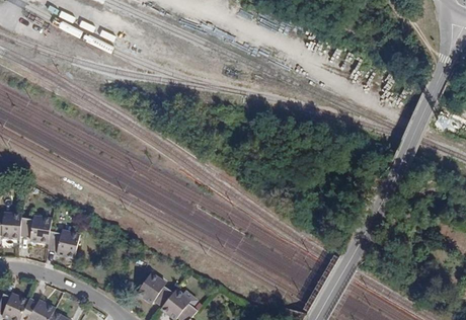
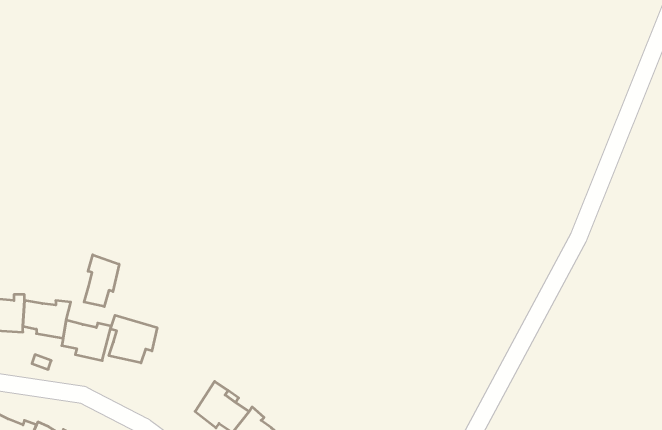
building: none -> [84,255,119,307]
building: none -> [109,315,157,363]

